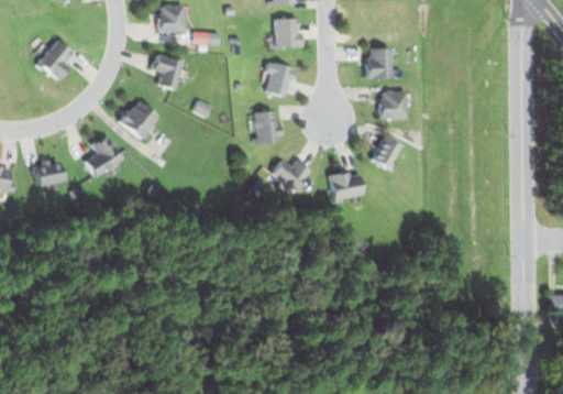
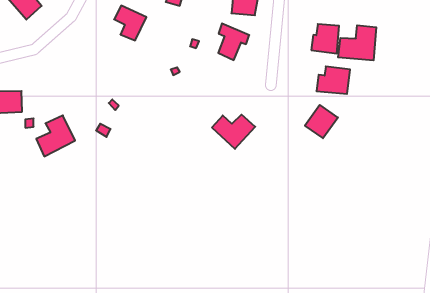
building: none -> [338,25,376,60]
building: [112,101,161,142] -> none
building: [253,110,279,144] -> none
building: [84,132,125,178] -> [36,115,75,156]
building: [330,168,365,201] -> none

